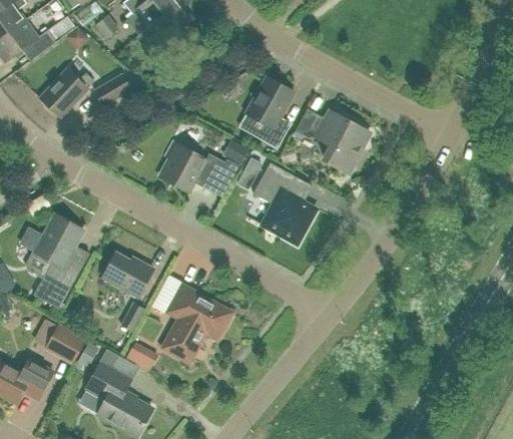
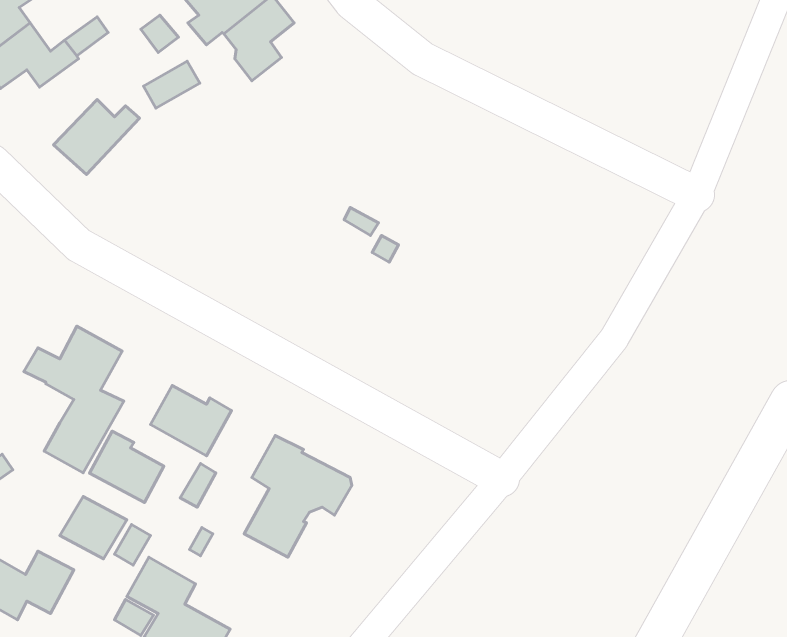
building: [94,74,130,104] -> [143,61,200,108]
building: [245,76,294,147] -> none
building: [297,108,370,171] -> none
building: [160,141,223,191] -> none
building: [252,161,316,244] -> none
building: none -> [89,431,164,503]

